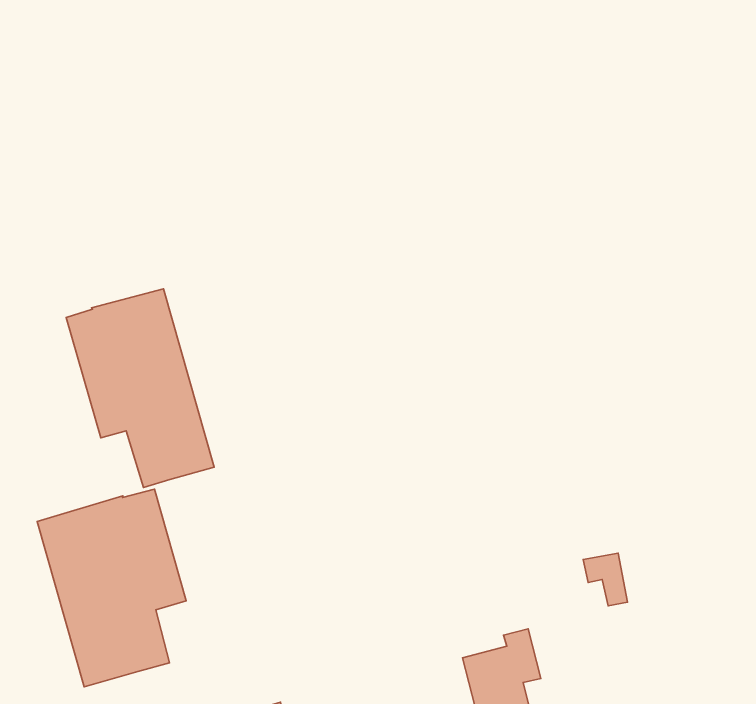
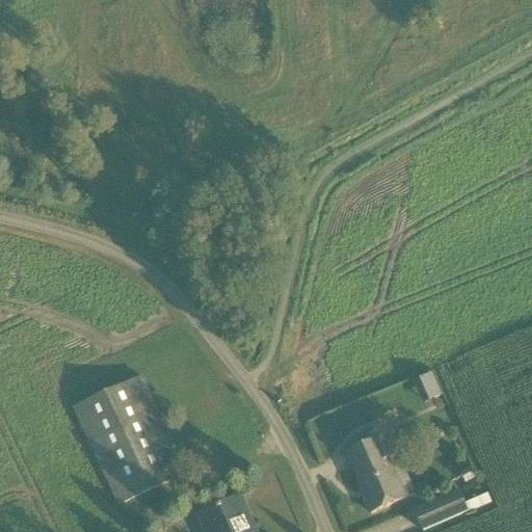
building: [66,289,214,488] -> none

